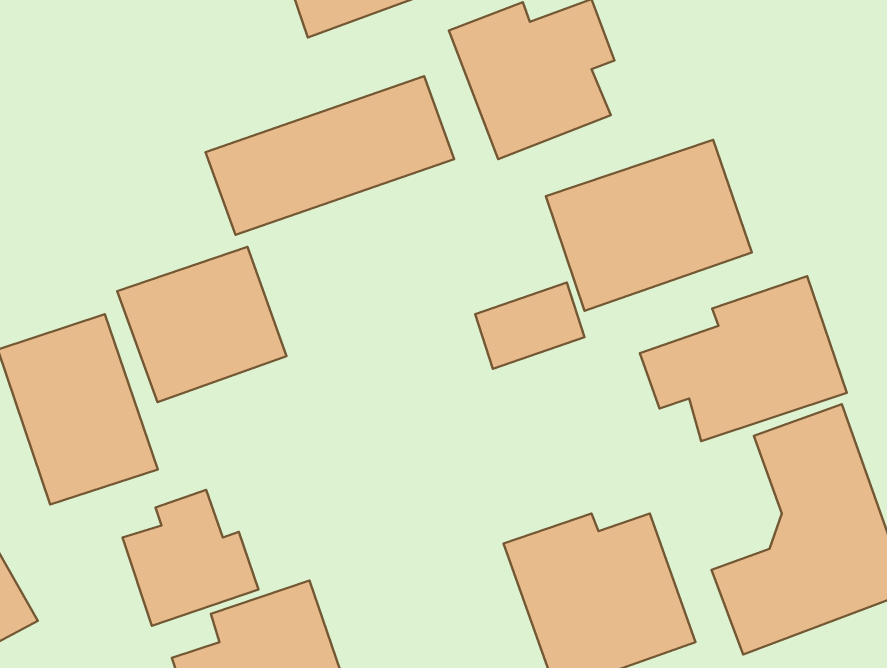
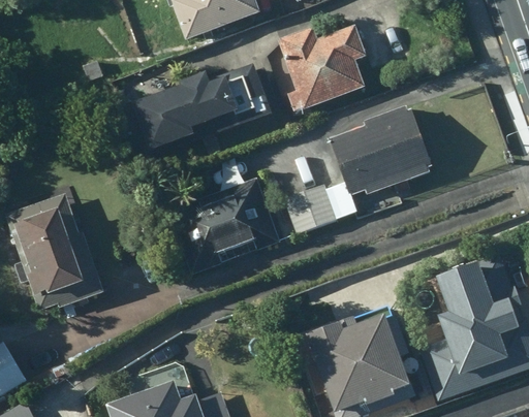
building: [117,247,286,402] -> [183,177,282,267]
building: [640,276,847,441] -> none
building: [123,490,258,626] -> none

